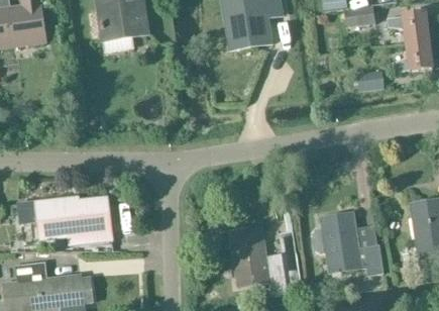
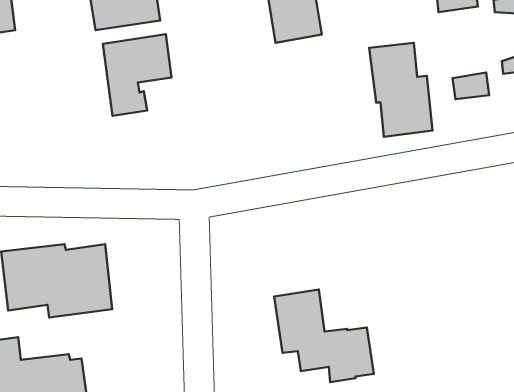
building: none -> [103,34,172,116]
building: none -> [369,43,432,137]
building: [312,212,382,275] -> none

